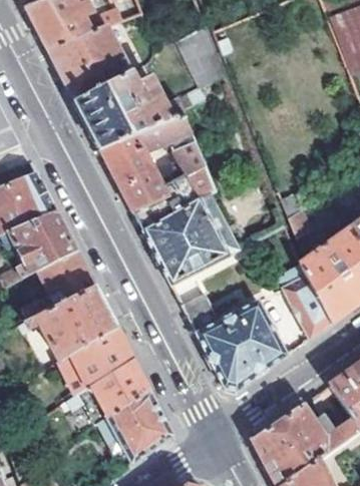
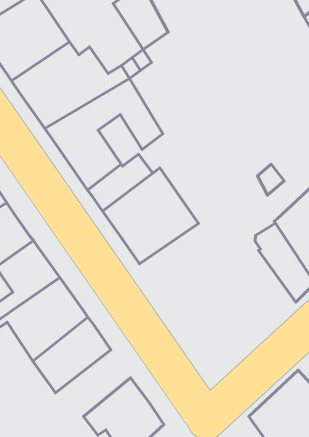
building: [181,294,287,391] -> none
building: [69,361,147,420] -> none

